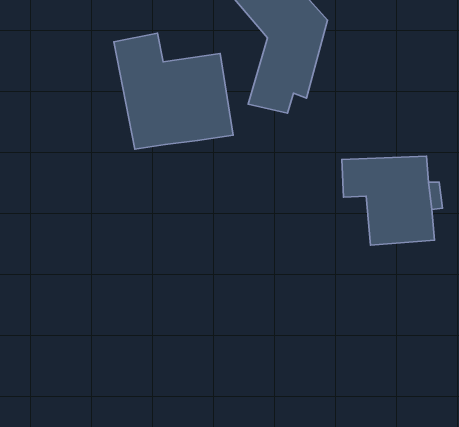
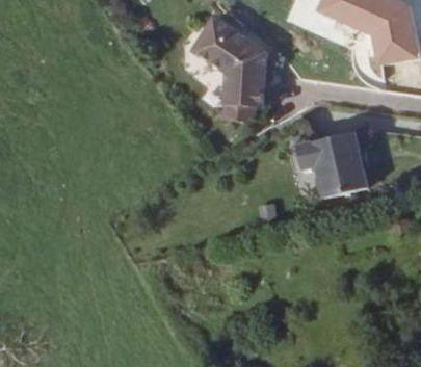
building: [114,33,233,149] -> none

